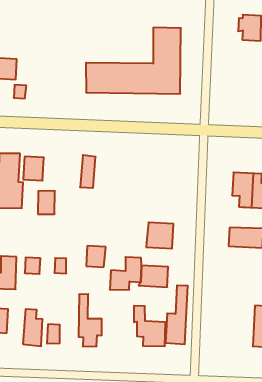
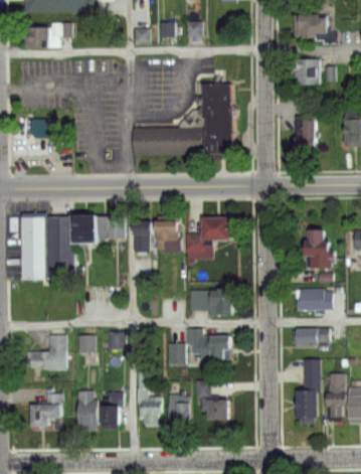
building: none -> [297,117,314,151]
building: none -> [183,219,225,256]
building: none -> [151,222,175,246]
building: [38,191,55,214] -> [94,220,113,247]
building: [86,246,106,267] -> [188,289,208,311]
building: none -> [293,327,329,346]
building: [165,285,188,344] -> [297,360,318,424]
building: none -> [171,391,188,420]

